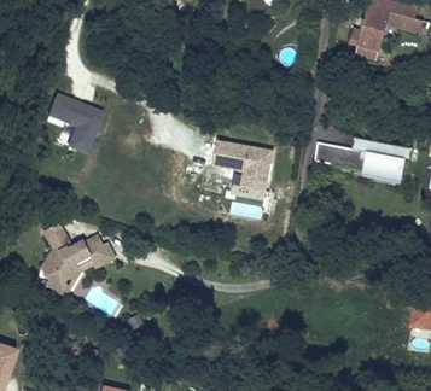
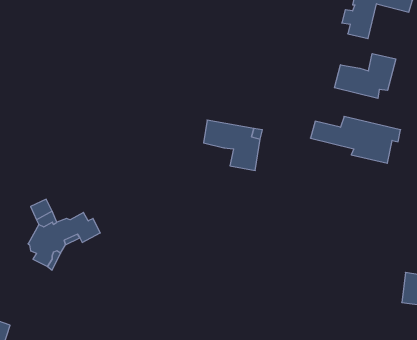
building: none -> [334,54,396,98]
building: [54,97,103,153] -> none

